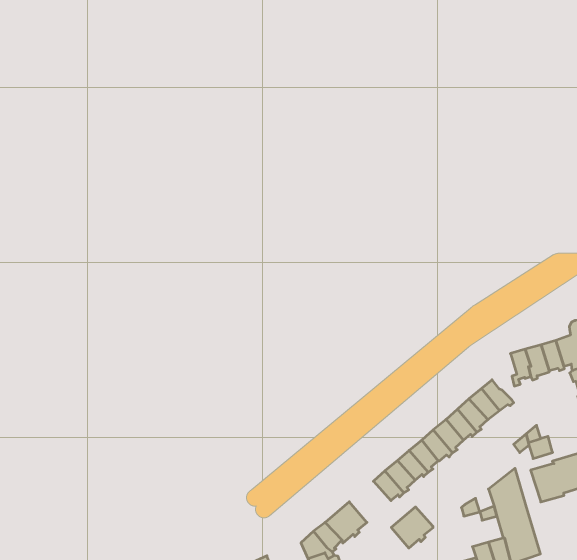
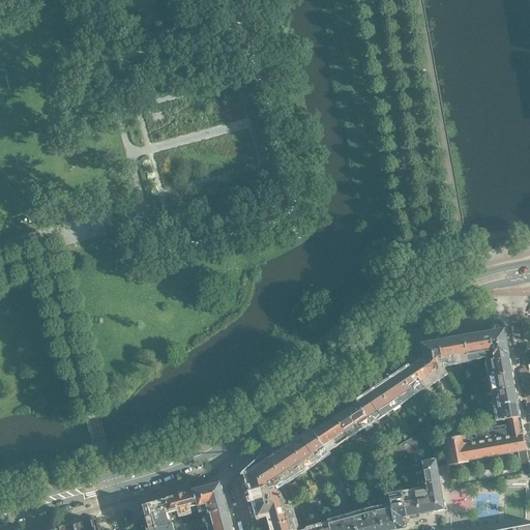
building: none -> [421,342,448,380]
building: [391,507,433,548] -> [293,433,327,466]

